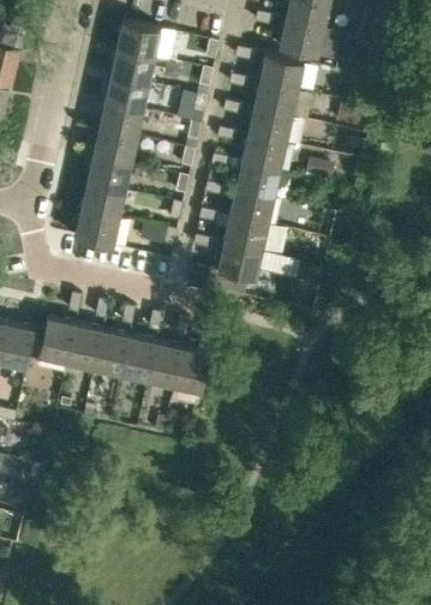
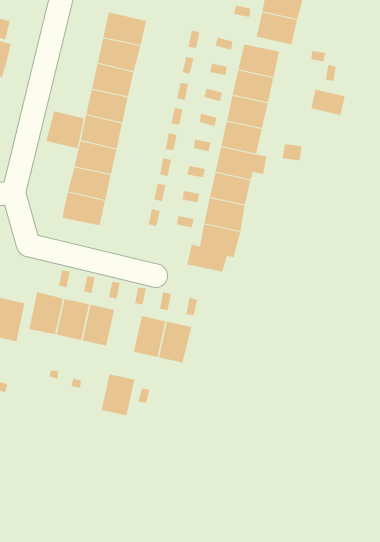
building: none -> [46,111,84,149]
building: [121,336,157,381] -> [101,374,135,416]

